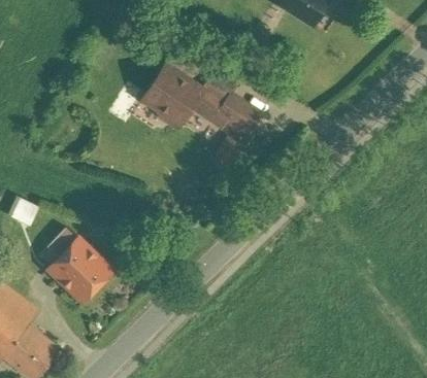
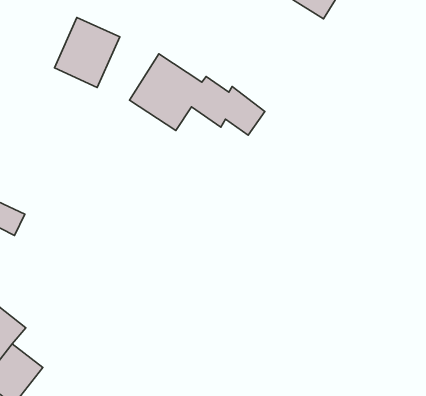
building: none -> [54,17,120,87]
building: [42,232,114,303] -> none

